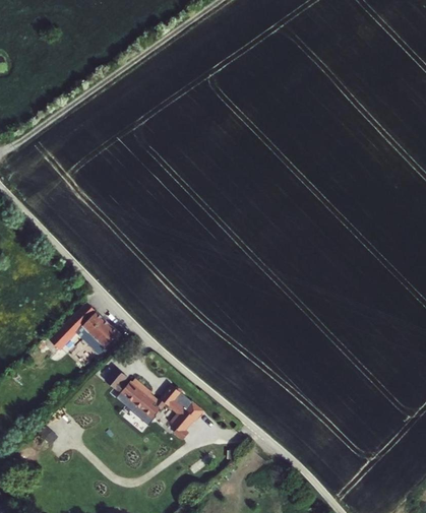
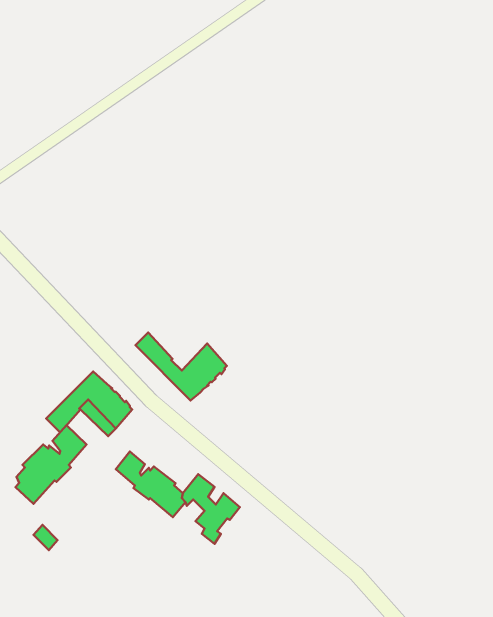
building: none -> [135,332,227,400]
building: none -> [16,425,86,504]

